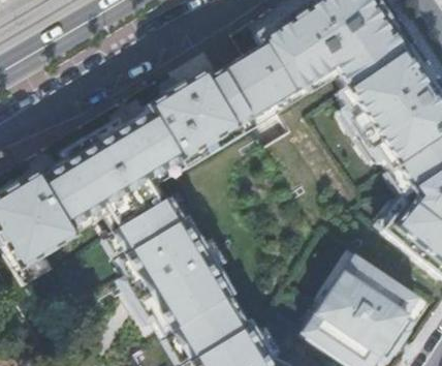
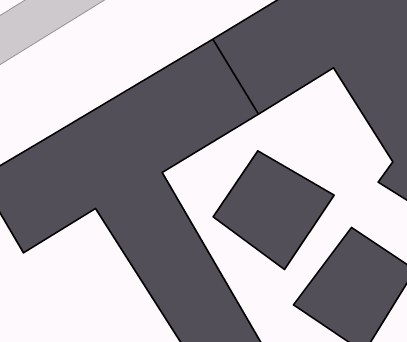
building: none -> [213,151,334,270]

